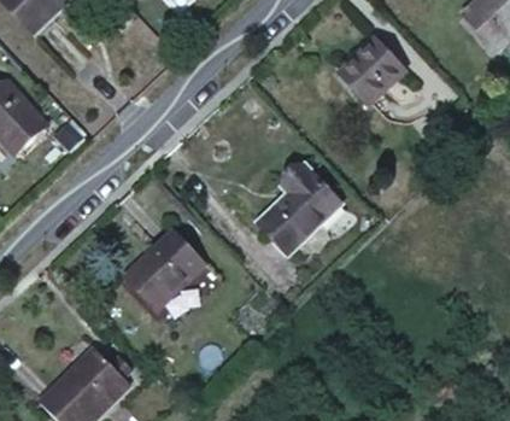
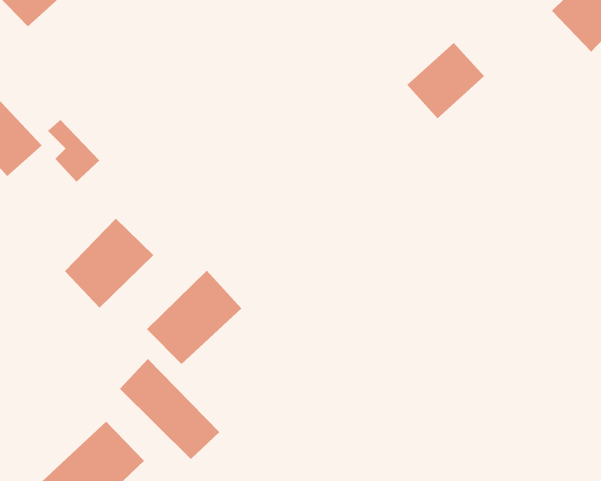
building: [260,162,342,255] -> none
building: none -> [64,218,154,308]
building: none -> [119,358,220,460]

